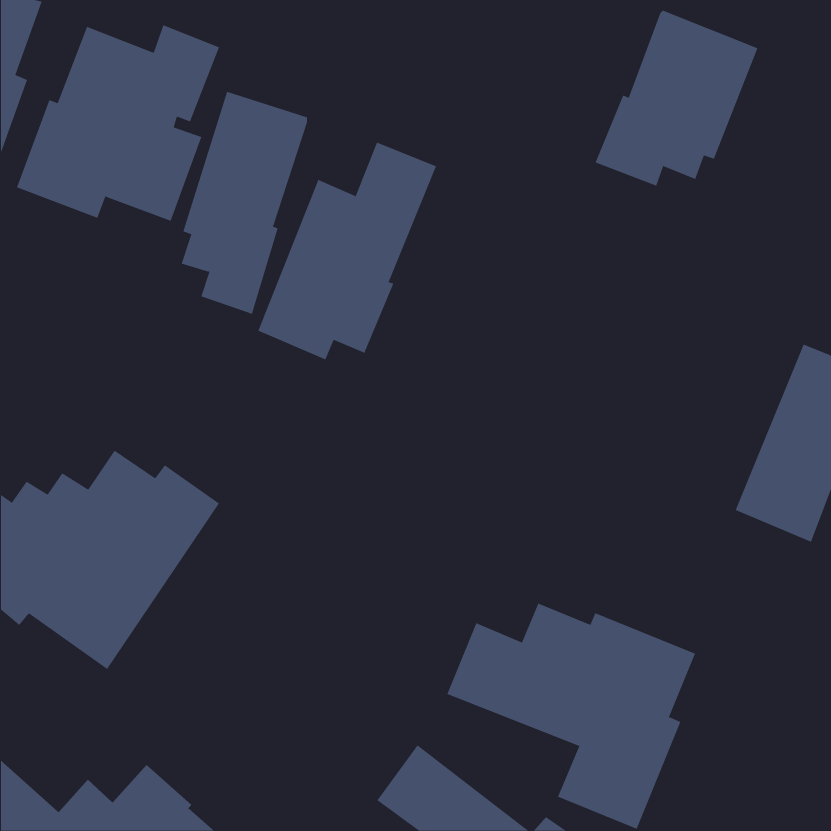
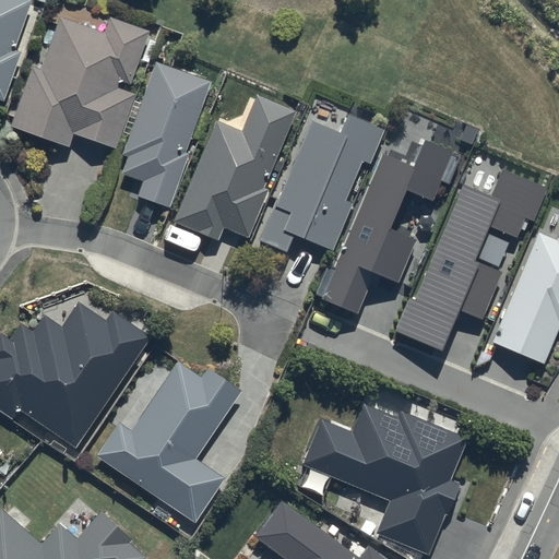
building: [595,10,758,187] -> none
building: none -> [257,114,383,254]
building: none -> [322,138,462,316]
building: none -> [396,169,548,349]
building: none -> [94,361,239,523]

